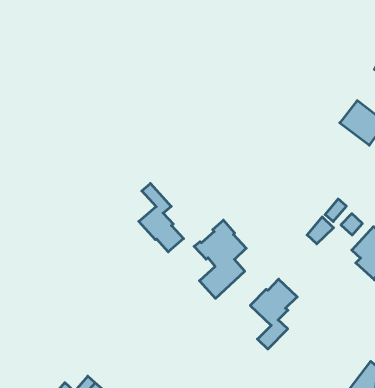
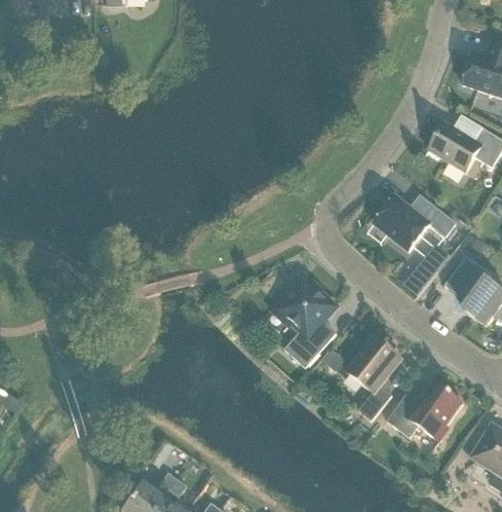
building: none -> [375,196,456,250]
building: [139,183,184,252] -> none
building: none -> [386,380,463,440]

